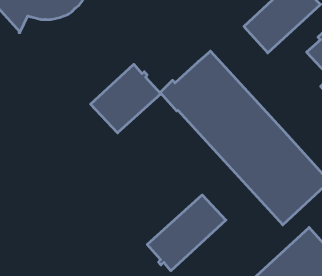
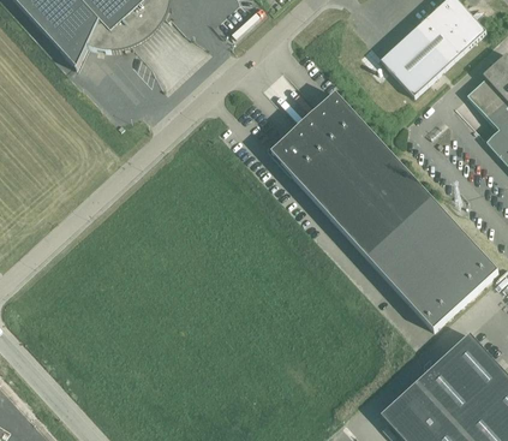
building: [91,64,161,133] -> none
building: [147,195,226,271] -> none

